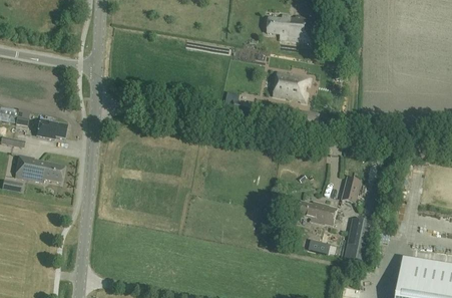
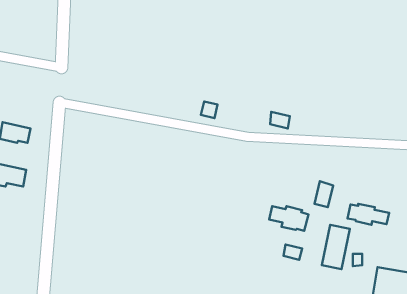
building: [267,14,313,41] -> none
building: [273,72,309,101] -> none
building: none -> [348,204,389,225]

